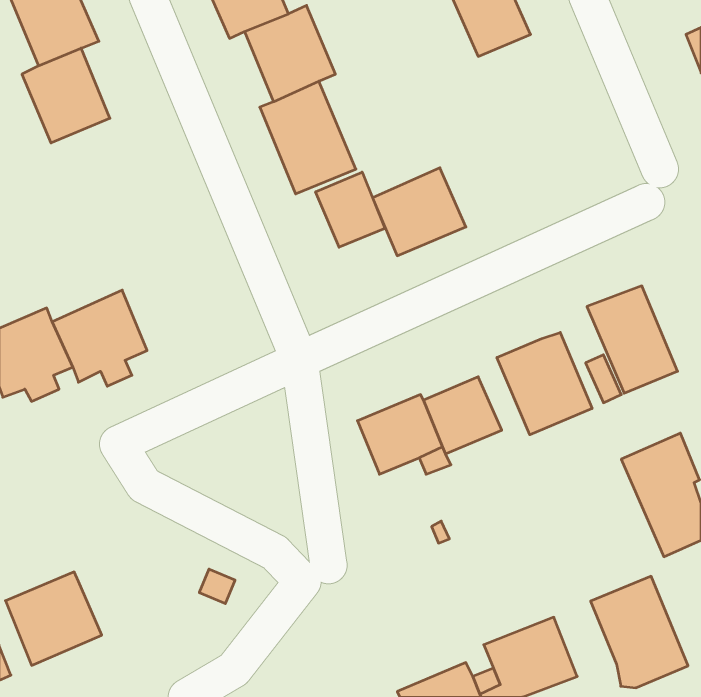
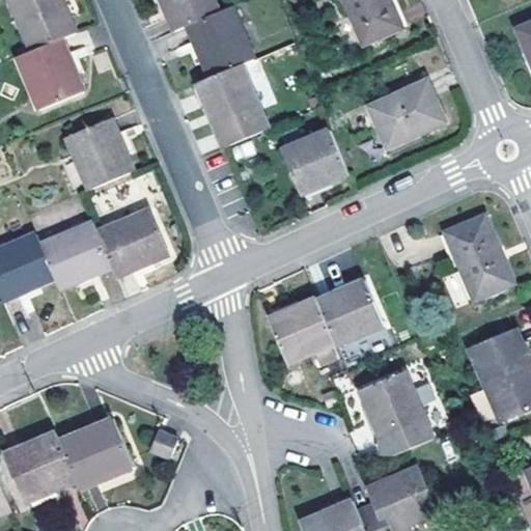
building: none -> [368,79,445,145]
building: none -> [66,117,131,188]
building: [316,172,385,247] -> none
building: none -> [96,207,167,275]
building: [497,332,592,435] -> none
building: none -> [59,417,133,490]
building: [591,576,688,688] -> [359,369,432,453]

